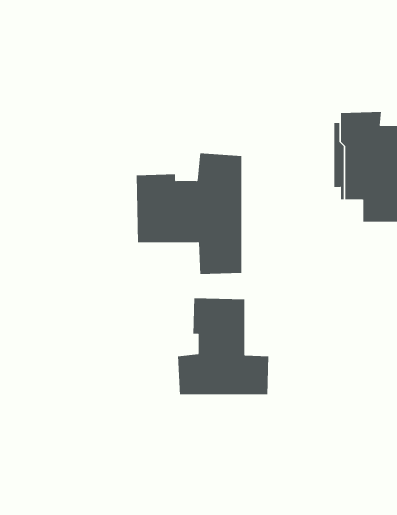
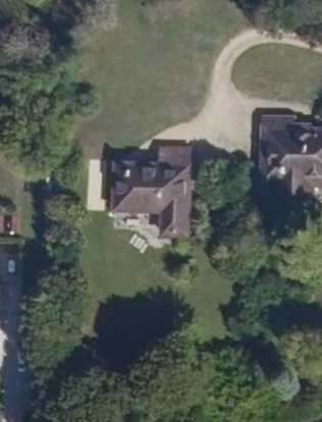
building: [177,298,269,395] -> none

